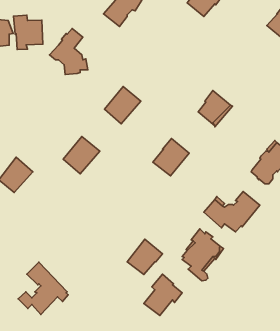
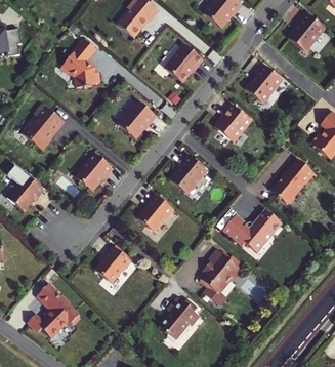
building: [13,15,43,49] -> none
building: none -> [164,43,203,82]
building: none -> [245,64,283,103]
building: none -> [22,103,64,150]
building: none -> [137,195,174,232]
building: [127,239,163,275] -> [95,246,132,283]

